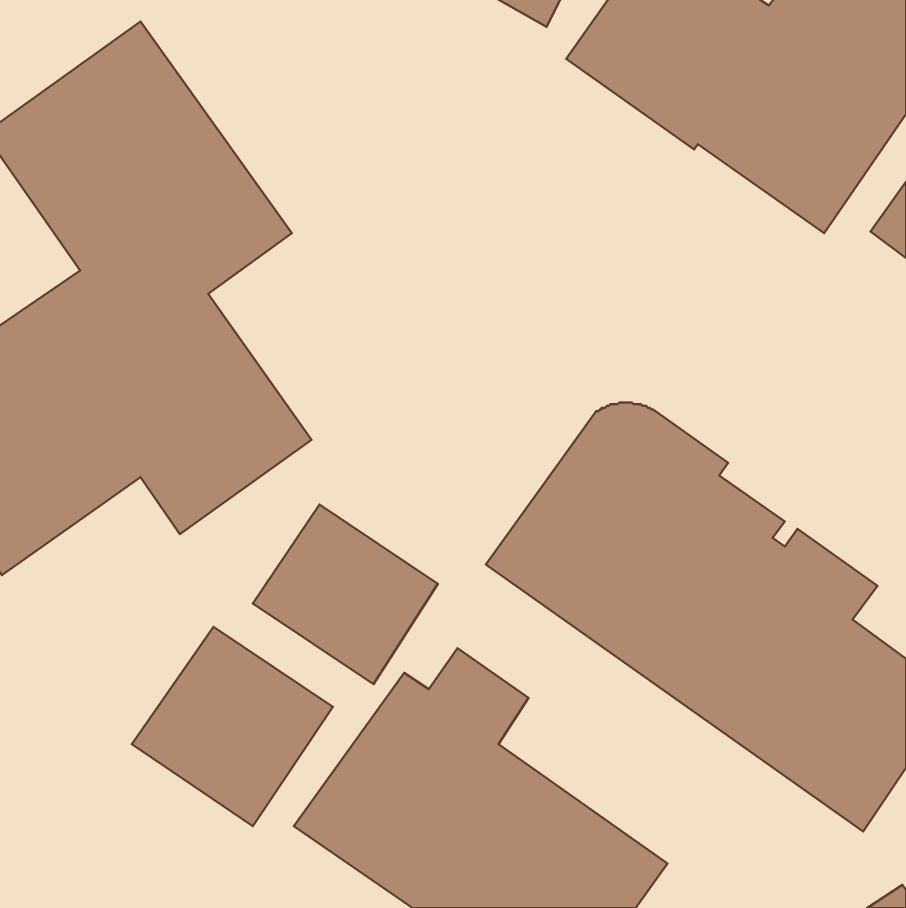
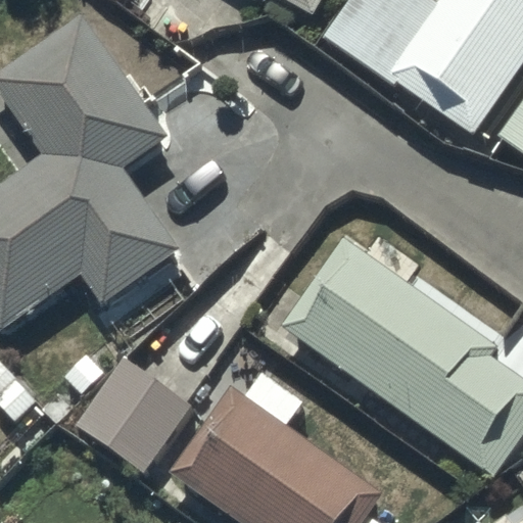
building: [253,504,438,684] -> none

